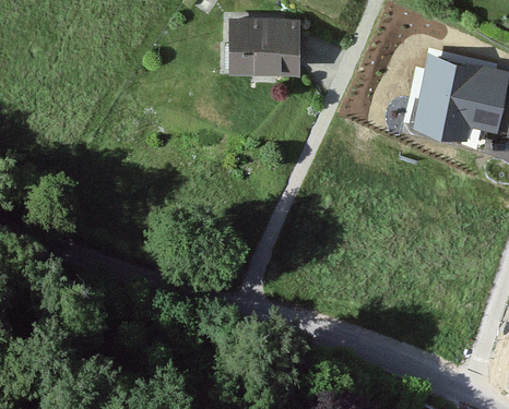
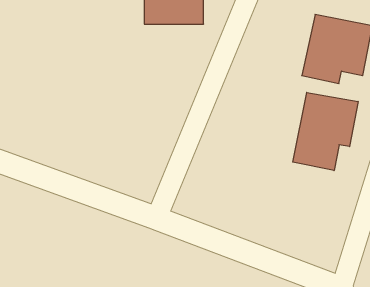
building: none -> [293,92,358,171]

